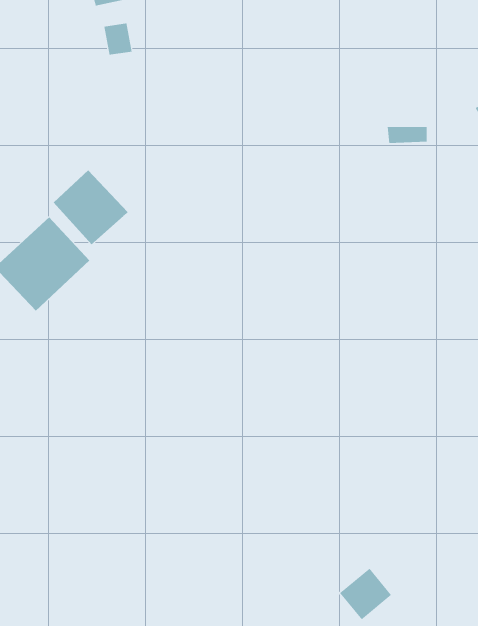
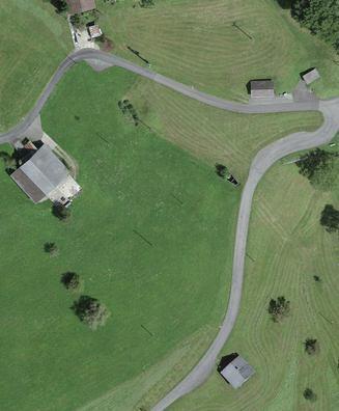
building: [53,169,128,245] -> none

